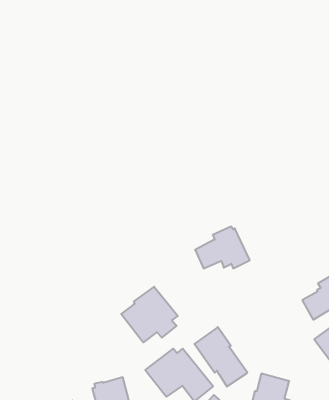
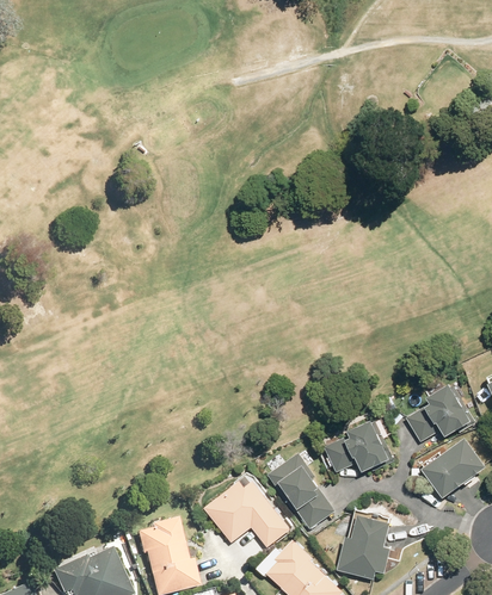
building: [195,227,250,268] -> [325,419,395,472]
building: [121,287,178,342] -> none

